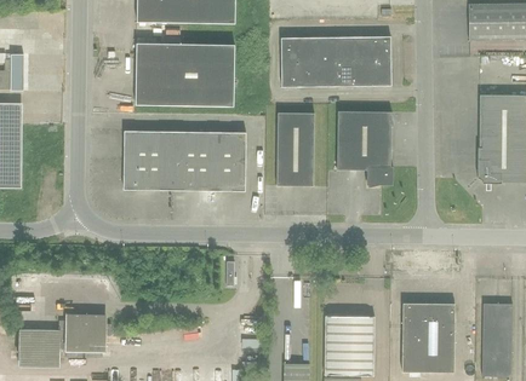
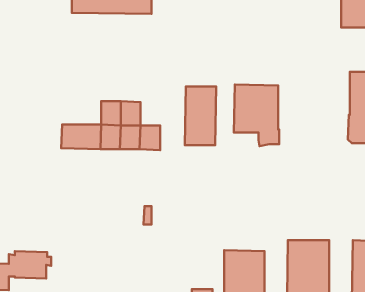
building: [280,36,390,86] -> none
building: [135,42,234,105] -> none
building: [124,129,172,160] -> none
building: [221,132,245,161] -> none

